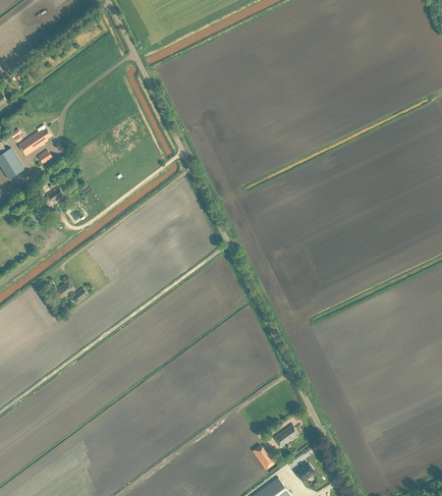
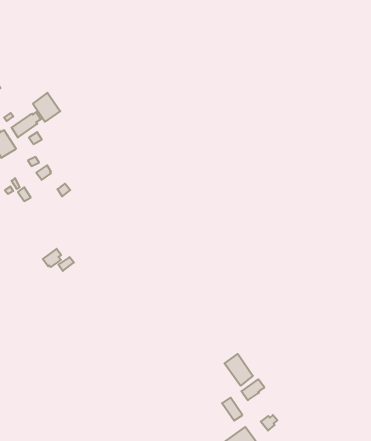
building: none -> [33,93,60,122]
building: none -> [224,354,253,386]

